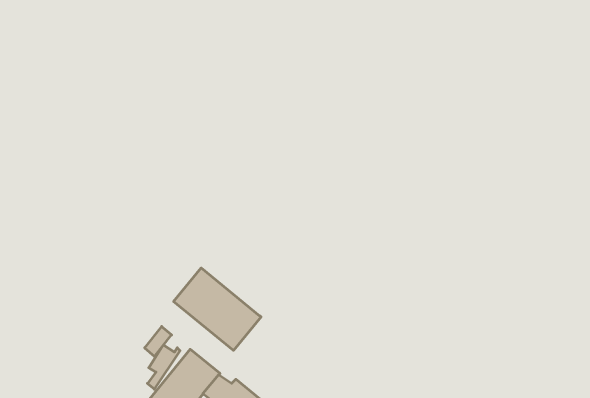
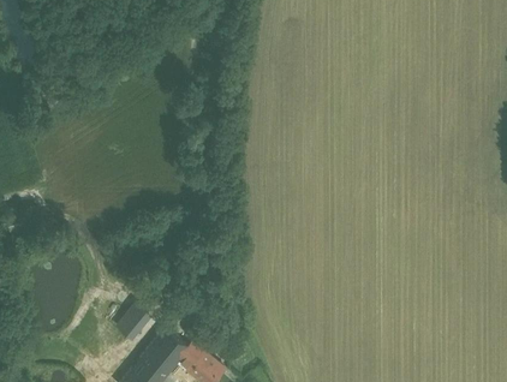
building: [174,268,261,350] -> none

